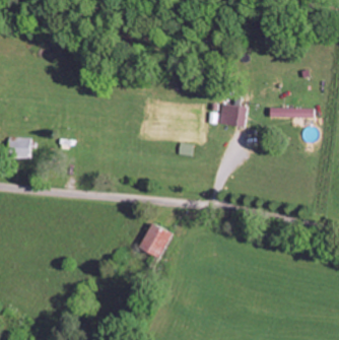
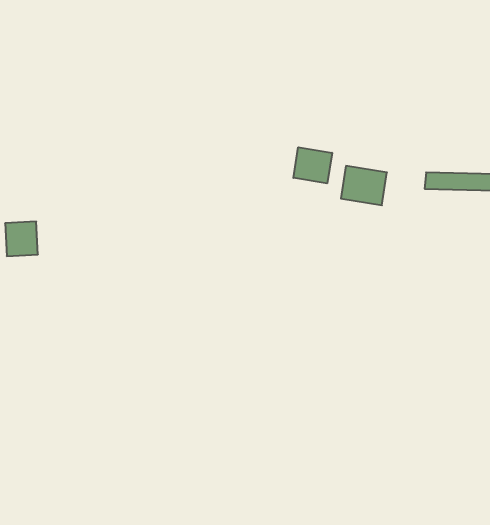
building: none -> [293,147,332,183]
building: [141,223,173,257] -> none

